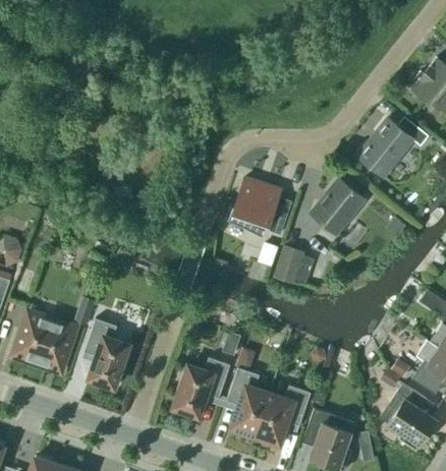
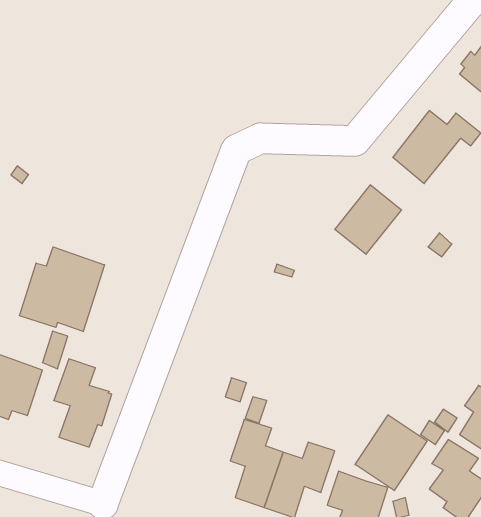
building: [232,177,291,234] -> none
building: none -> [20,247,105,332]
building: [274,245,314,284] -> none
building: [172,357,230,419] -> none
building: none -> [355,415,427,491]

